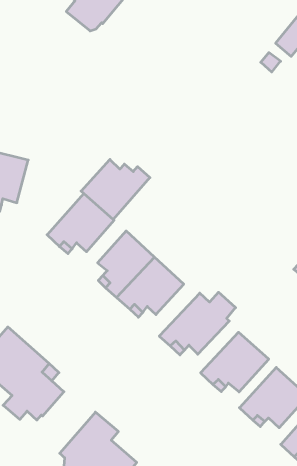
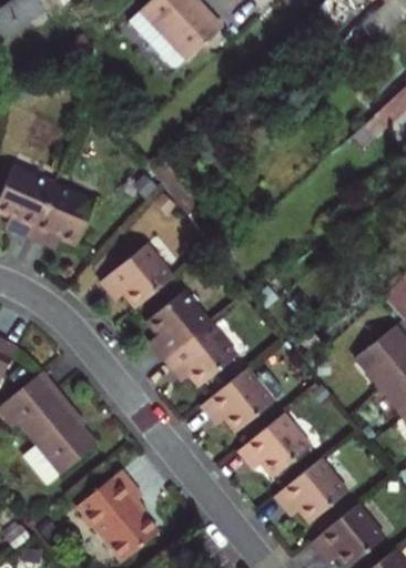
building: [81,159,150,220] -> none

